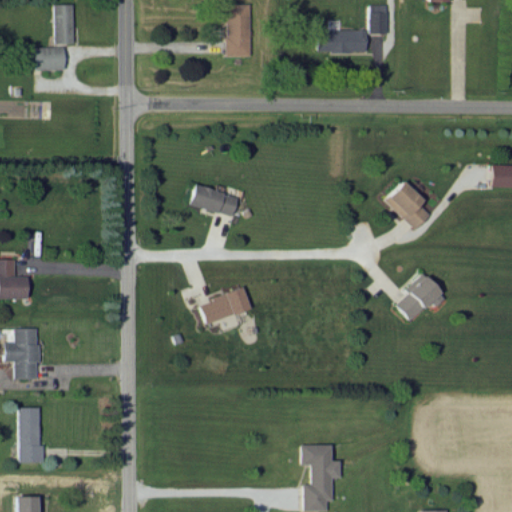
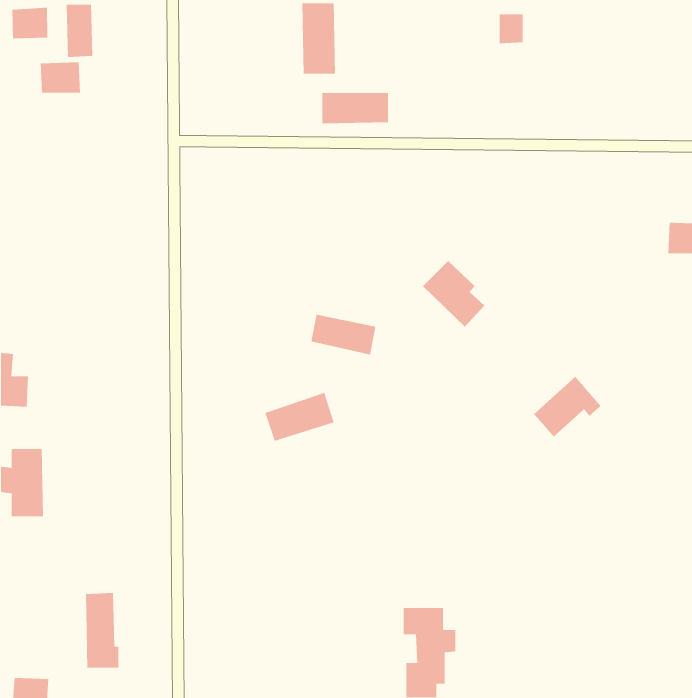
building: none -> [12,7,48,39]
building: [318,30,367,53] -> [322,92,389,124]
building: [385,181,431,230] -> [422,260,485,327]
building: [190,186,238,216] -> [310,314,376,355]
building: [18,407,43,462] -> [85,593,119,668]

